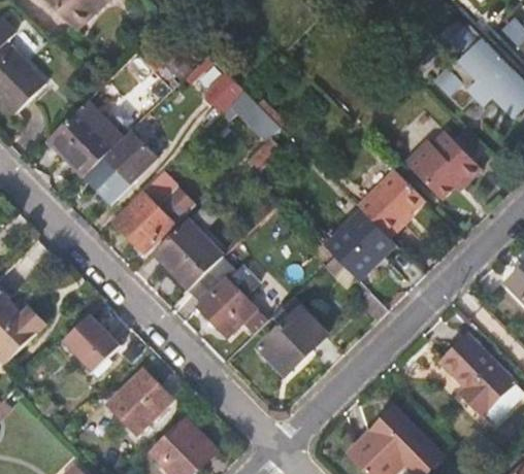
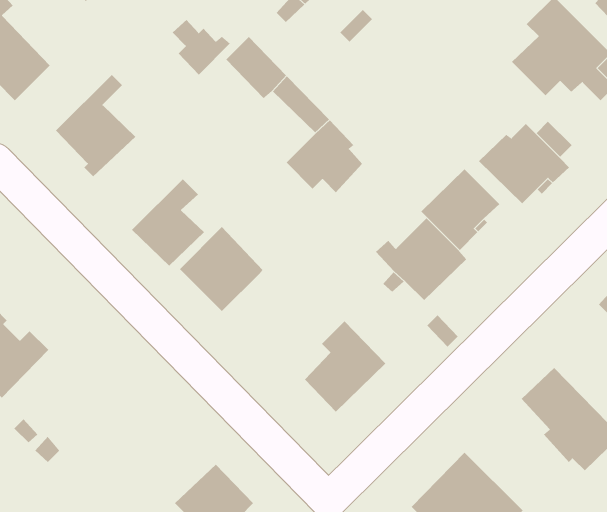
building: [90,130,159,199] -> none
building: [189,257,258,332] -> none
building: [62,314,121,375] -> none
building: [105,367,173,434] -> none

